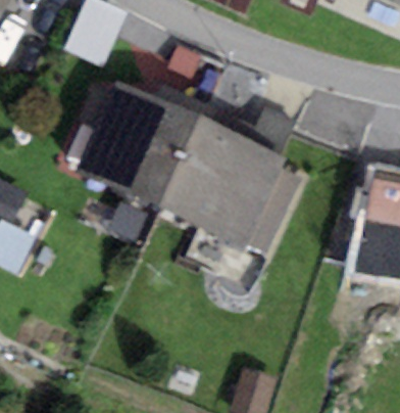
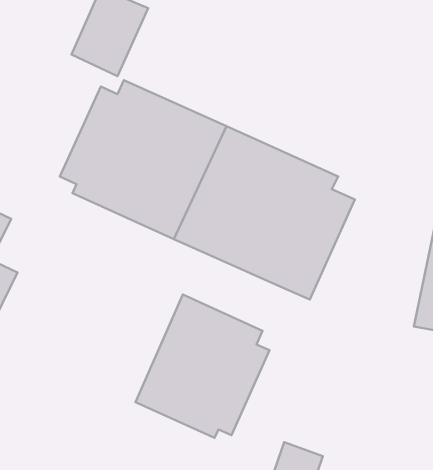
building: none -> [135,295,270,438]

